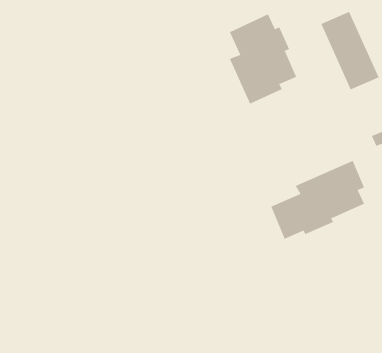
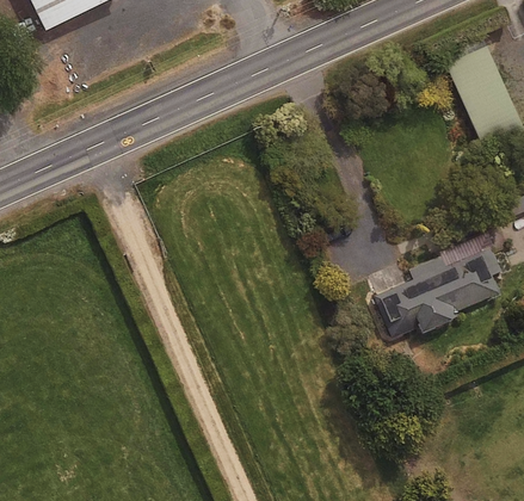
building: [229,14,297,104] -> none

